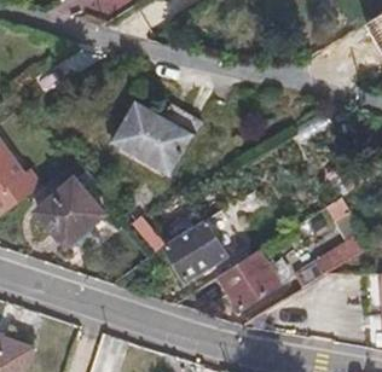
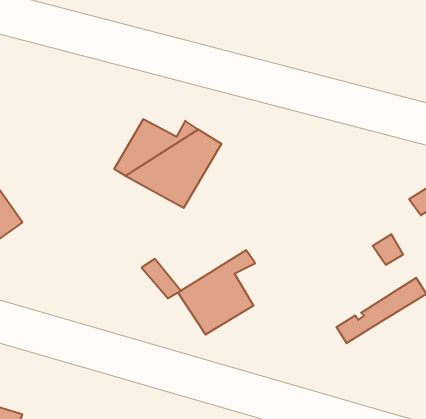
building: [34,172,112,240] -> none
building: [218,250,279,309] -> none

